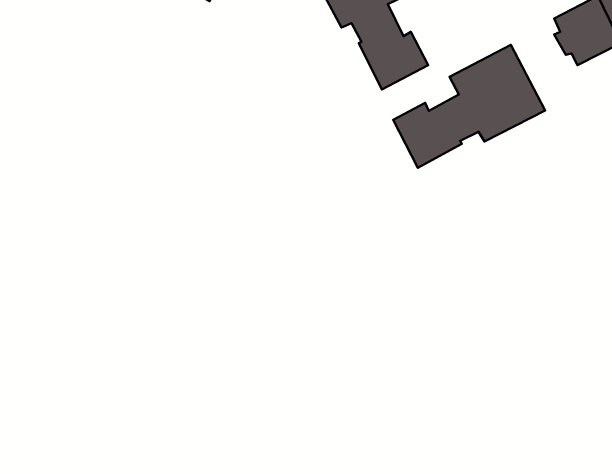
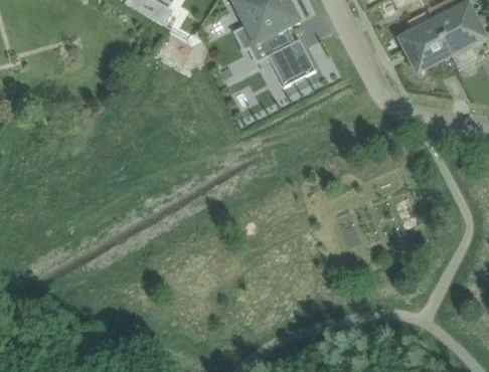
building: [393,45,545,168] -> none

